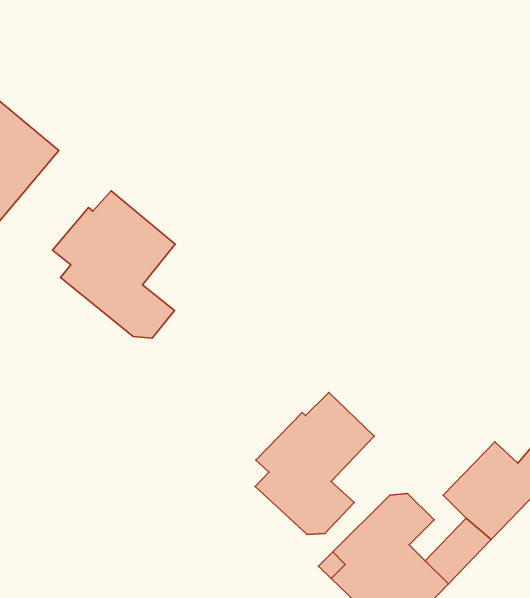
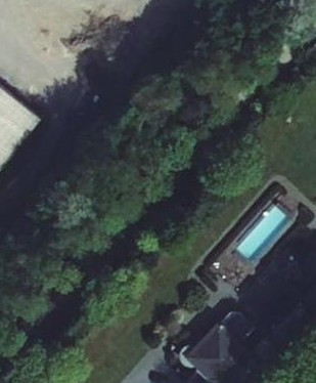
building: [53,191,175,338] -> none
building: [255,392,374,535] -> none

